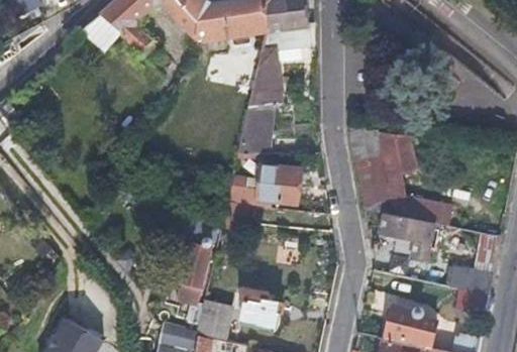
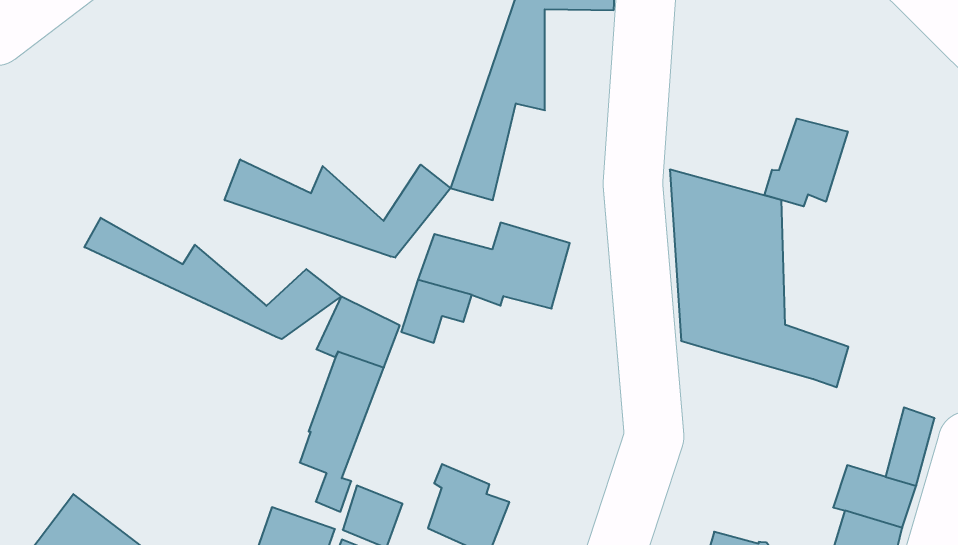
building: none -> [764,119,848,206]
building: none -> [225,159,450,258]
building: none -> [84,218,341,339]
building: [381,216,434,260] -> none

